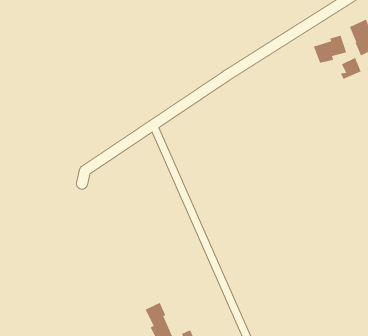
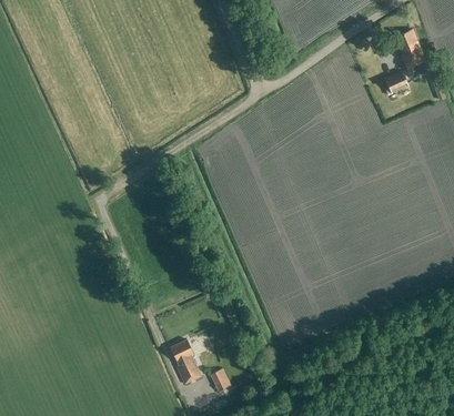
building: [313,35,347,63] -> none

